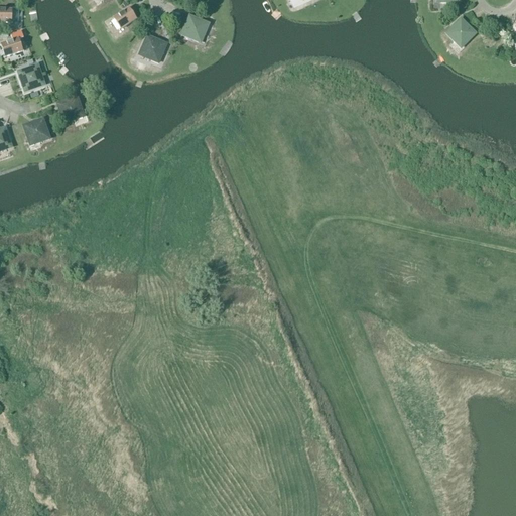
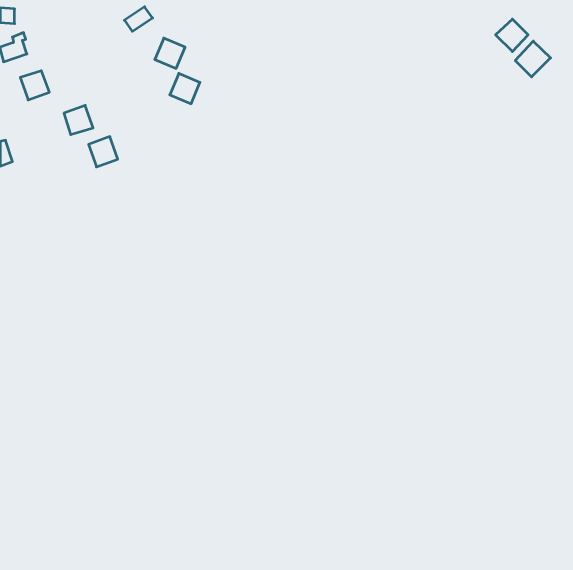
building: [181,14,209,41] -> [170,73,200,104]
building: none -> [515,41,551,77]
building: [23,117,49,144] -> [89,137,118,167]

